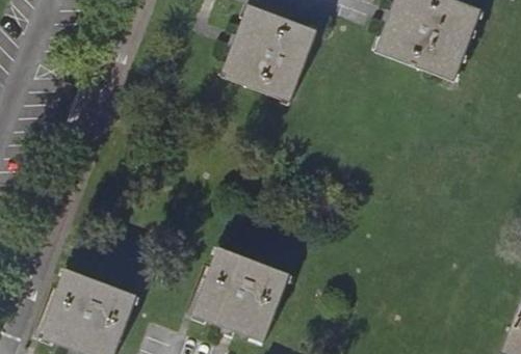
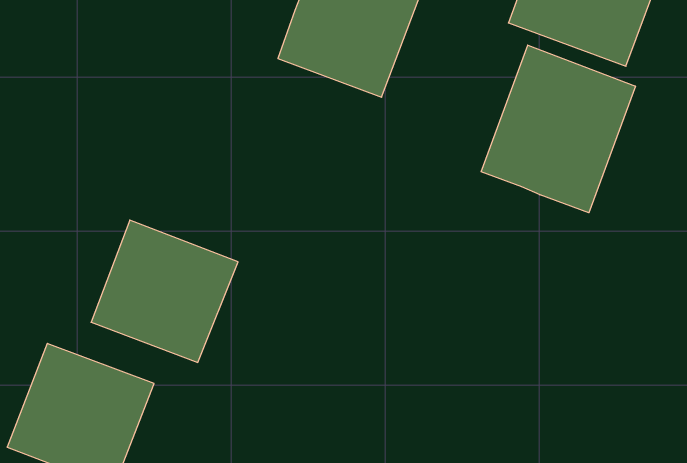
building: none -> [481,45,635,213]
building: [191,247,290,343] -> [91,220,238,362]

